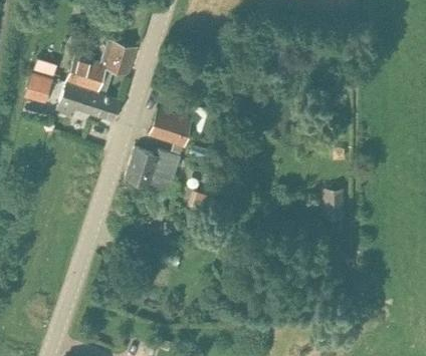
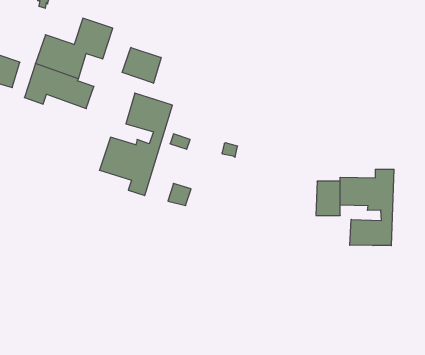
building: none -> [122,47,161,83]
building: none -> [340,169,394,246]

